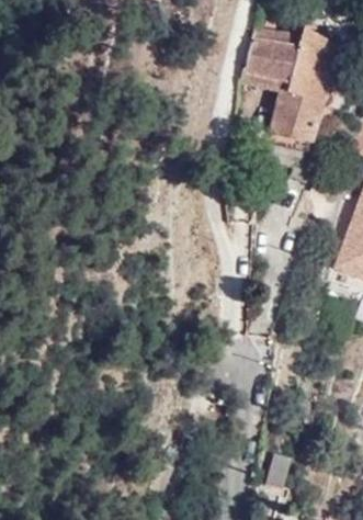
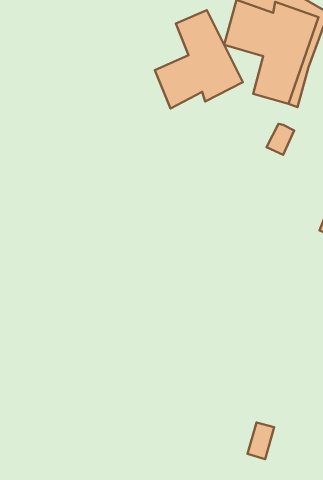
building: none -> [155,10,243,108]

